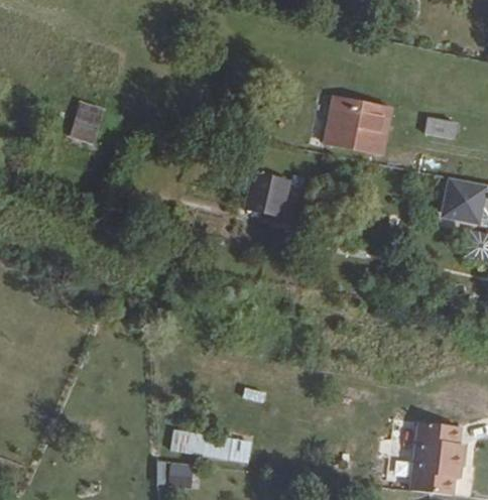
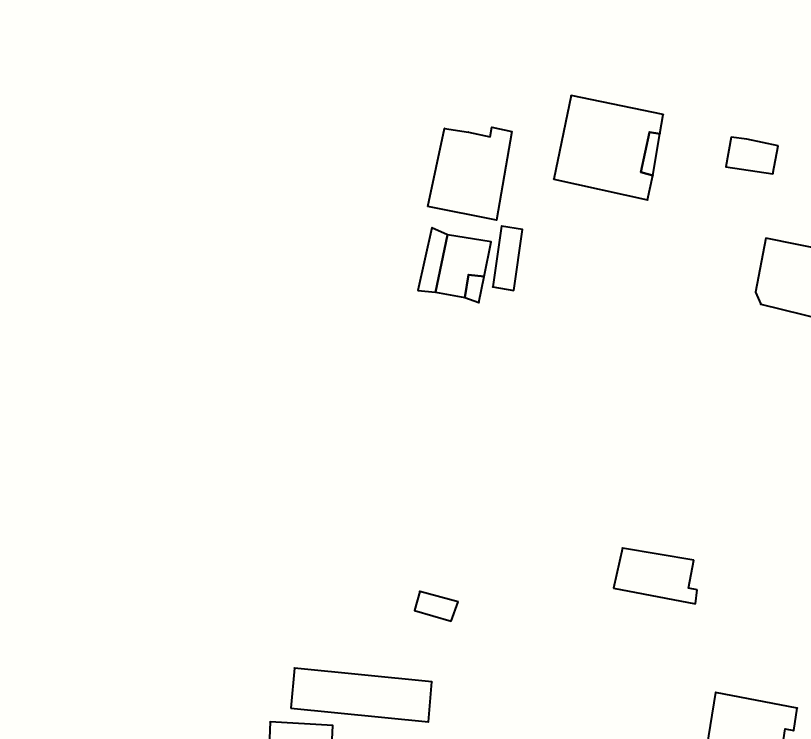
building: [70,98,105,141] -> none
building: none -> [428,127,512,220]
building: [416,419,465,452] -> [614,548,697,604]

